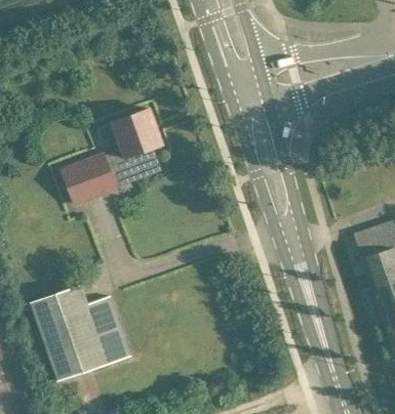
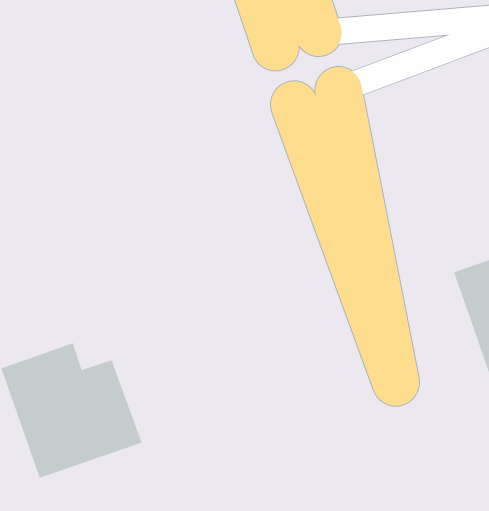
building: [62,109,162,204] -> none

